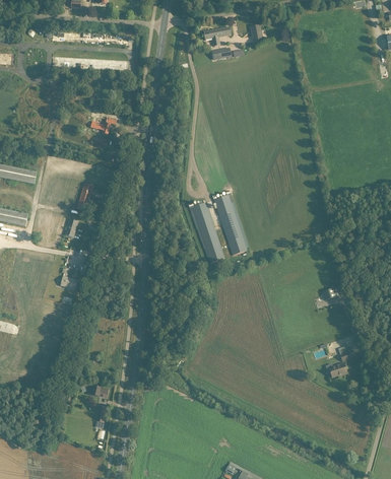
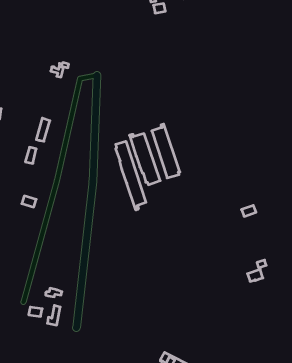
building: none -> [116,141,146,210]

